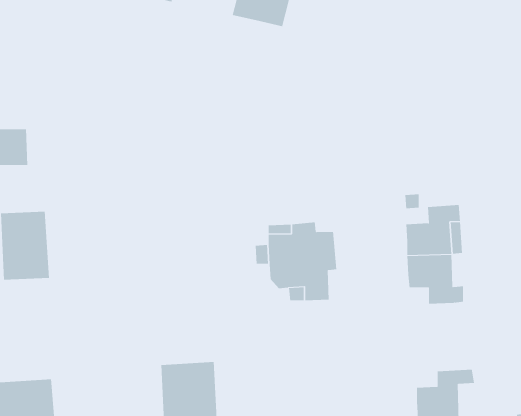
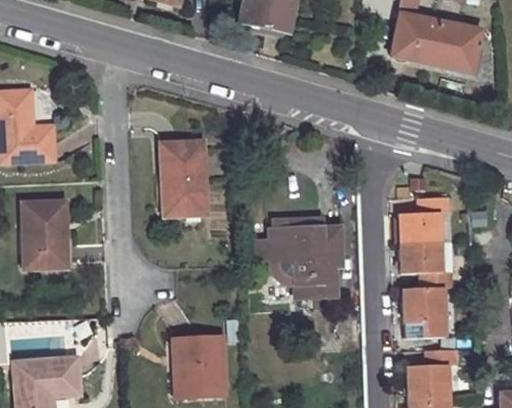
building: none -> [394,16,477,70]
building: none -> [159,144,204,216]
building: none -> [402,286,446,336]

